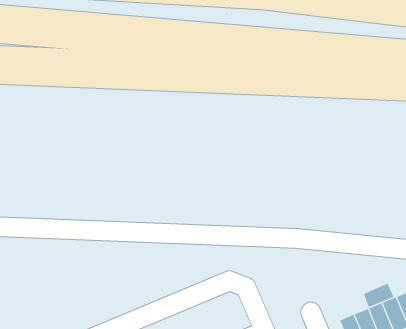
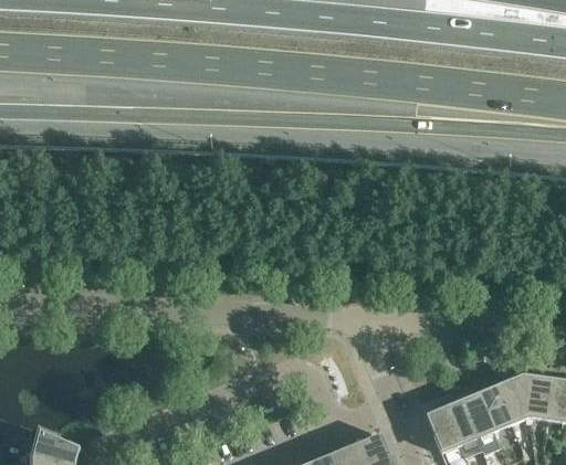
building: [363,283,394,308] -> none

